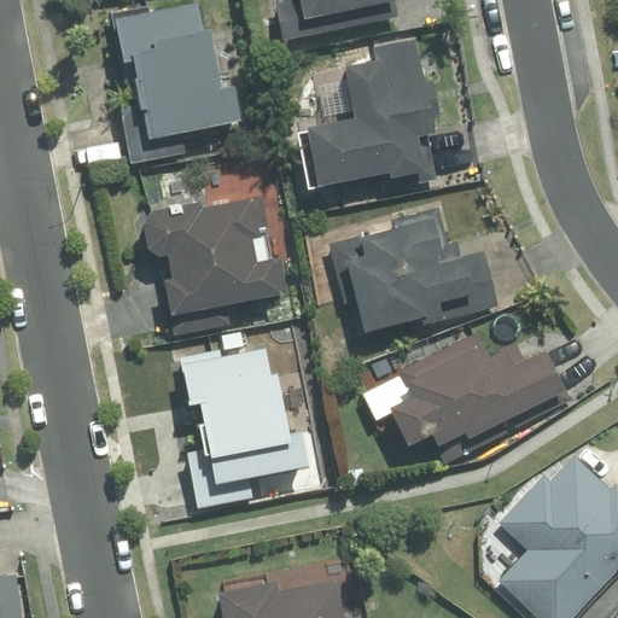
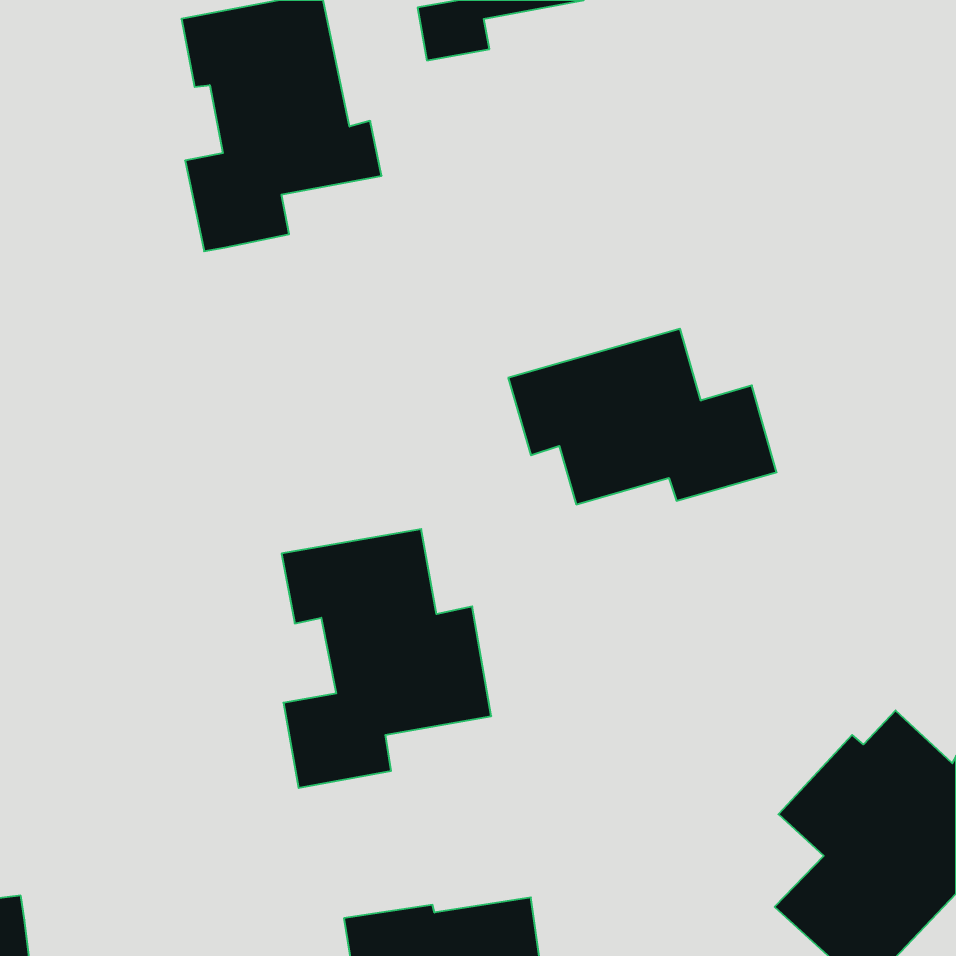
building: [310,39,441,183] -> none
building: [139,197,285,314] -> none
building: [363,338,567,443] -> none

